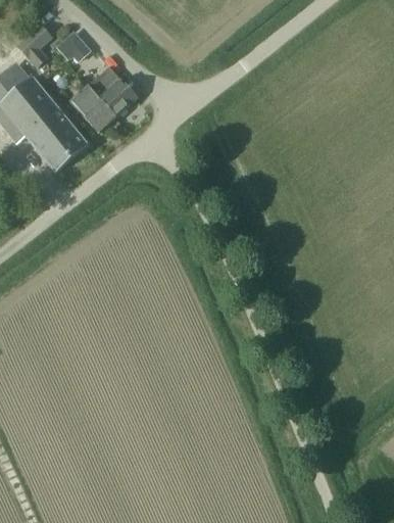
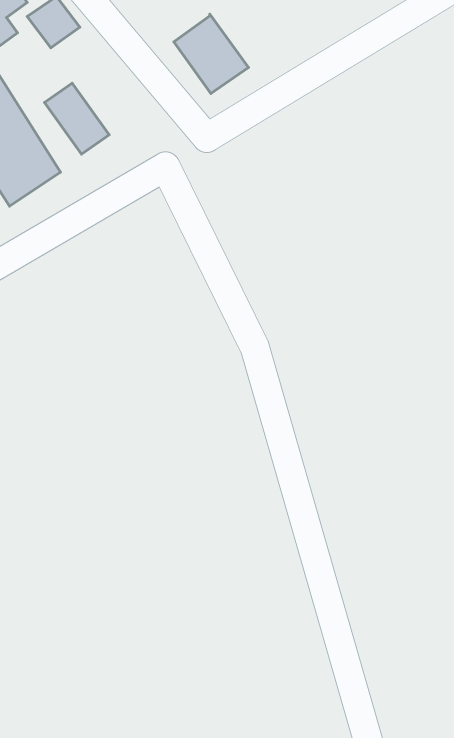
building: [87,65,137,116] -> [174,14,248,93]

